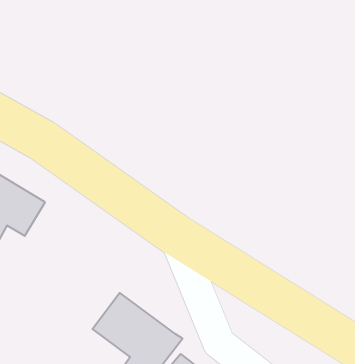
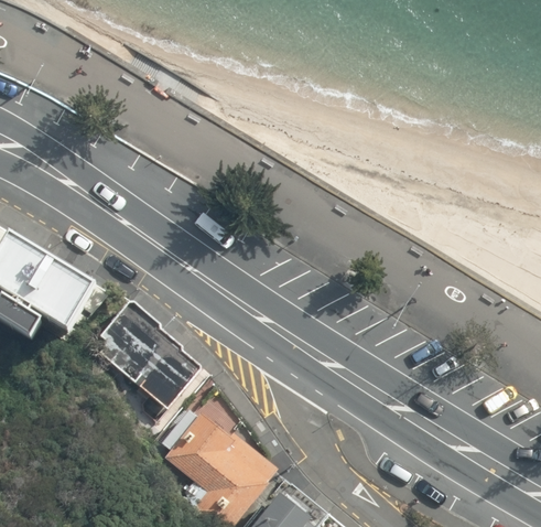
building: none -> [98,300,202,410]

